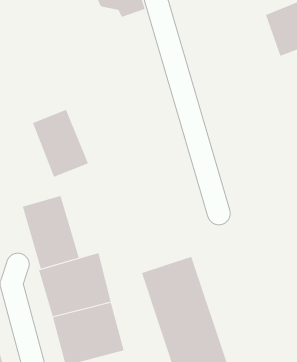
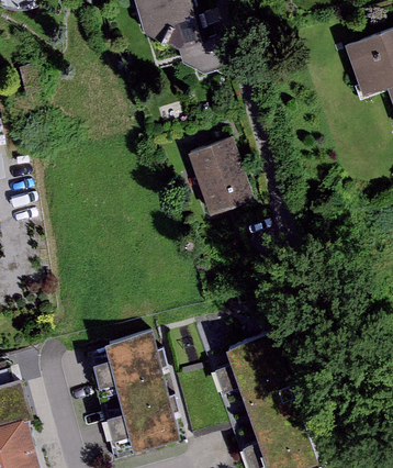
building: [32,109,89,177] -> [189,135,256,216]
building: [22,195,80,269] -> none

